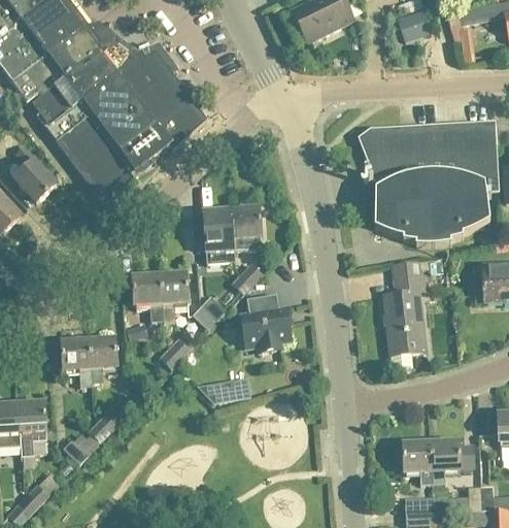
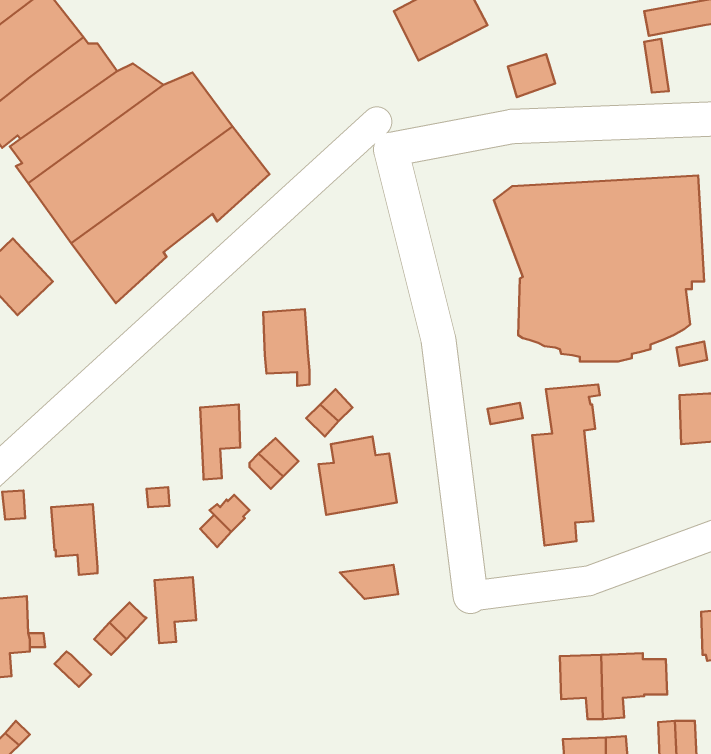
building: [399,11,431,40] -> [508,54,555,97]
building: [231,206,262,250] -> none
building: [132,274,163,321] -> none
building: [89,337,116,382] -> [155,577,196,643]
building: [198,378,237,401] -> [340,565,398,599]

